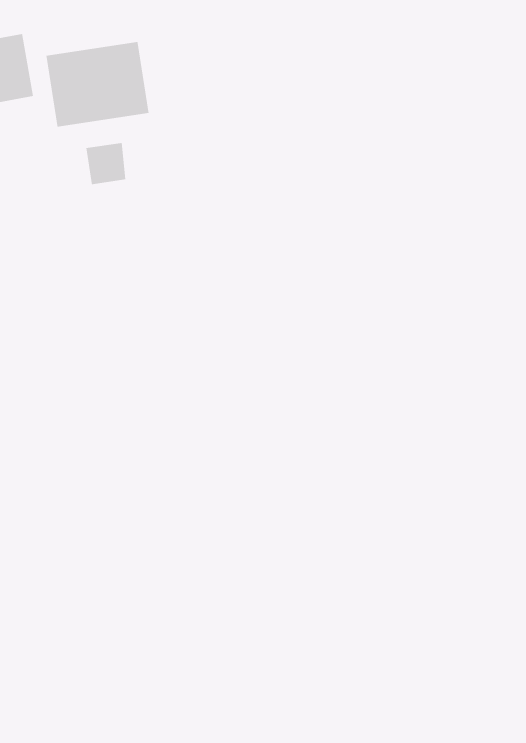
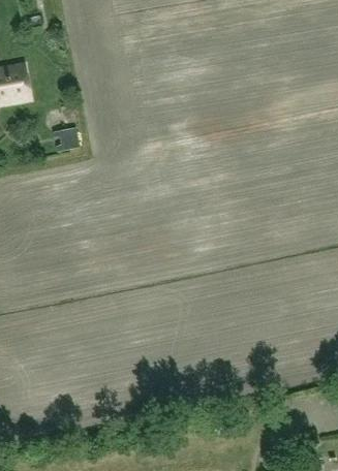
building: [46,41,149,127] -> none

